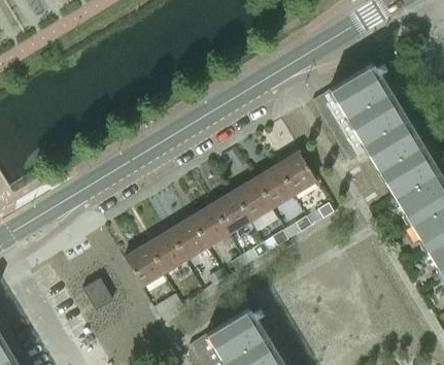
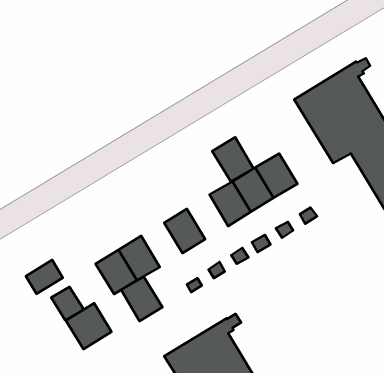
building: [214,190,253,232] -> [212,137,253,182]
building: [171,217,210,259] -> [121,277,162,321]
building: none -> [26,260,63,294]
building: none -> [66,303,112,349]

